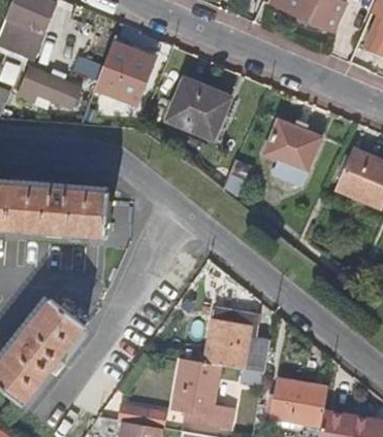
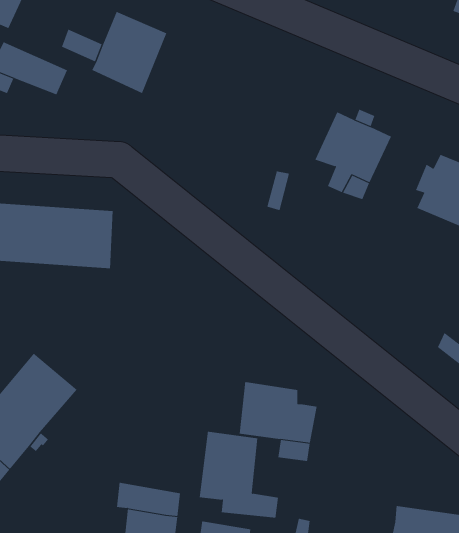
building: [167,77,229,137] -> none
building: [210,303,256,338] -> none
building: [272,381,327,427] -> none

